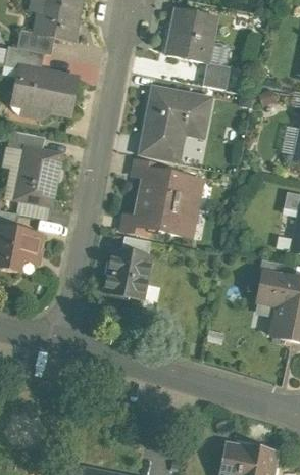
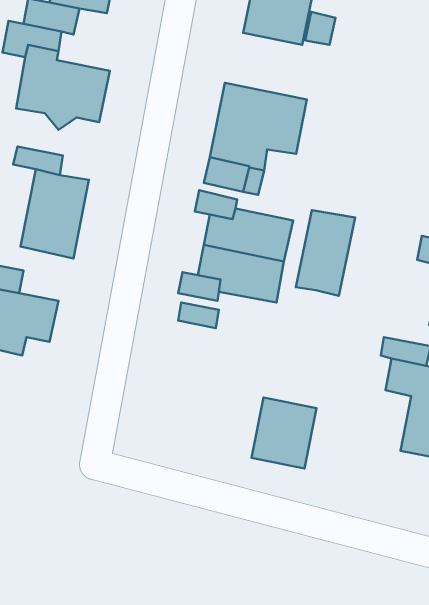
building: [202,62,230,89] -> none
building: none -> [296,210,355,296]
building: [106,250,150,298] -> [251,397,317,469]

